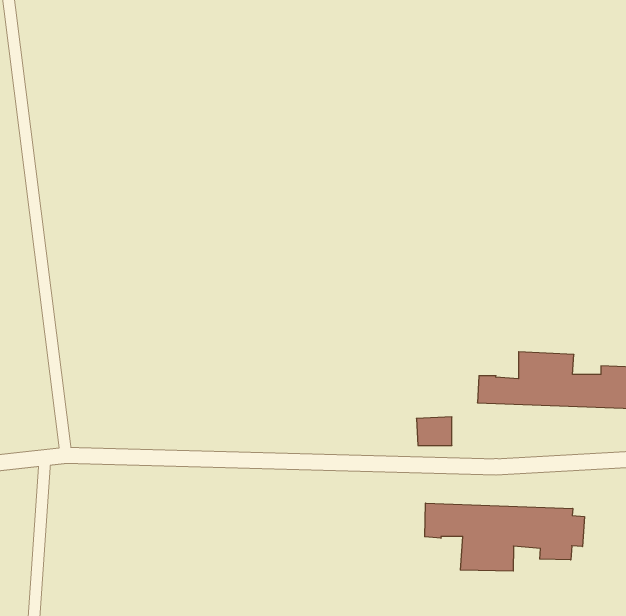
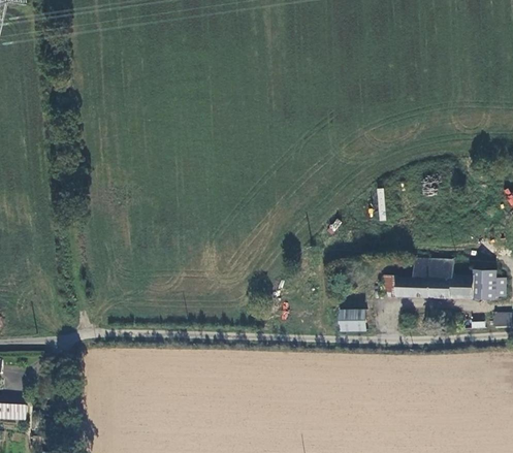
building: [425,503,584,571] -> none

